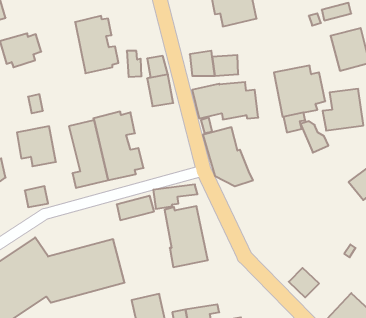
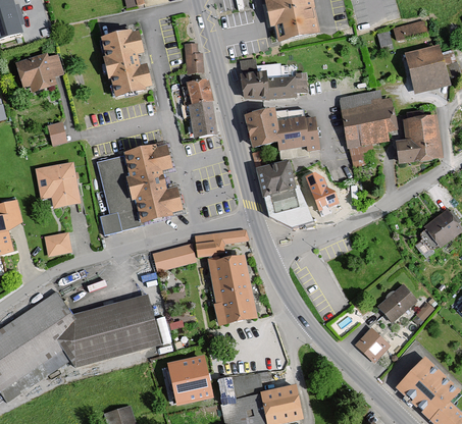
building: [127,51,142,77] -> [185,42,202,72]
building: [301,121,328,153] -> [305,172,338,209]
building: none -> [377,285,417,323]

